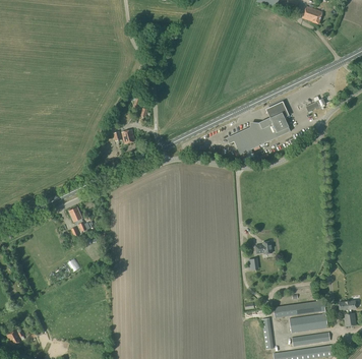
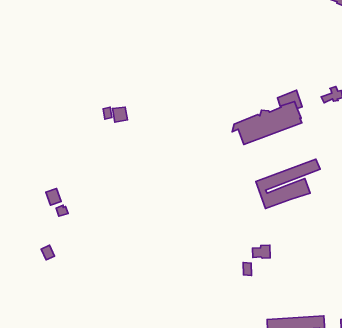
building: none -> [256,159,320,209]

